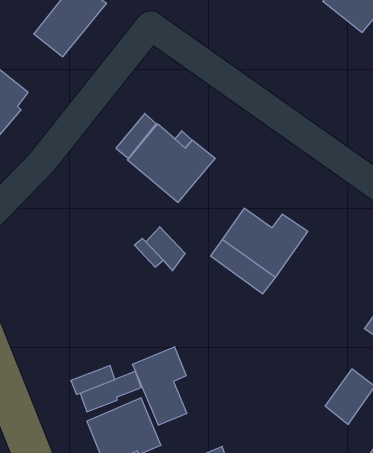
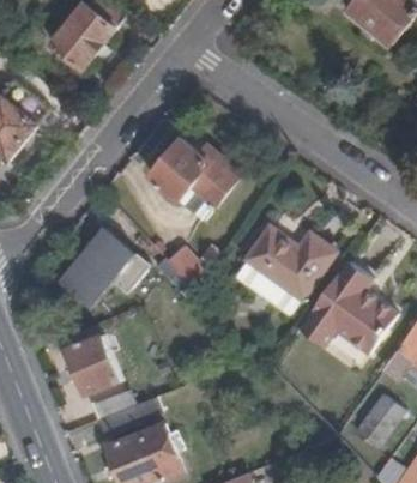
building: none -> [62,227,150,304]
building: none -> [296,259,395,354]
building: none -> [65,332,120,392]
building: [132,347,187,425] -> none

